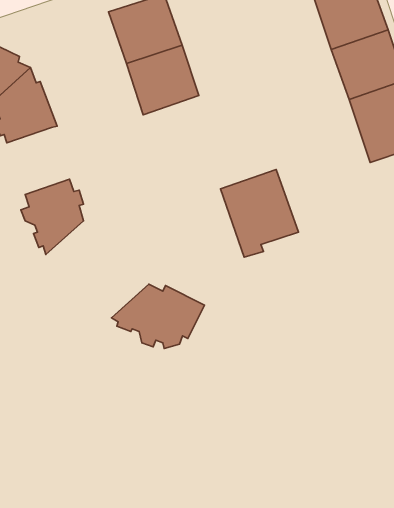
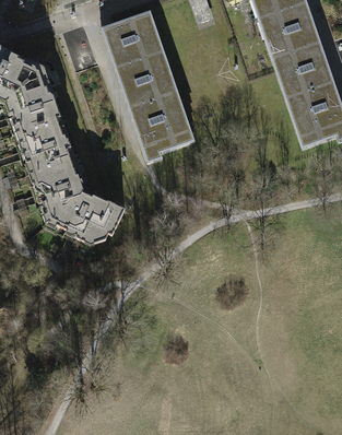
building: none -> [22,117,71,169]
building: [220,169,298,257] -> [129,92,190,161]
building: [111,284,205,348] -> [52,190,126,240]

